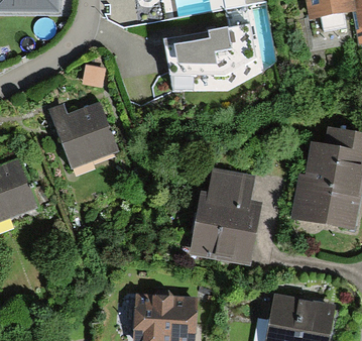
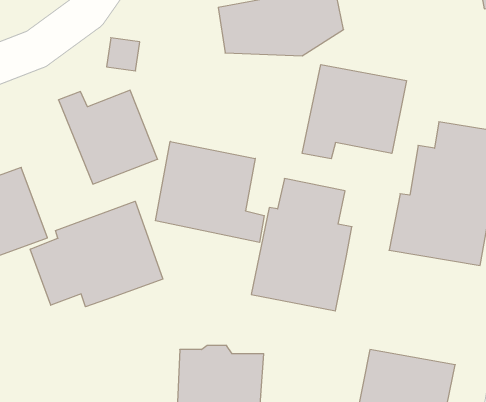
building: none -> [302,65,406,159]
building: none -> [156,141,264,242]
building: none -> [30,201,163,307]

